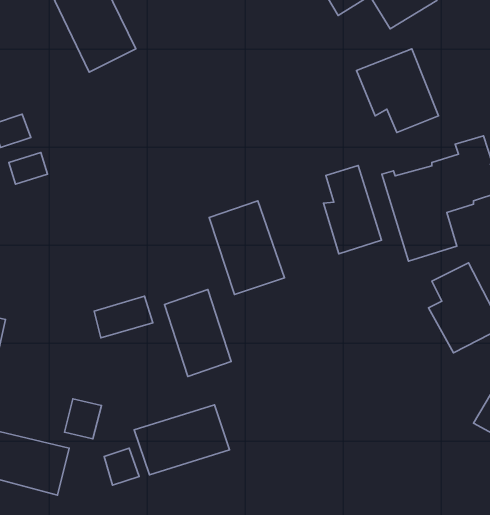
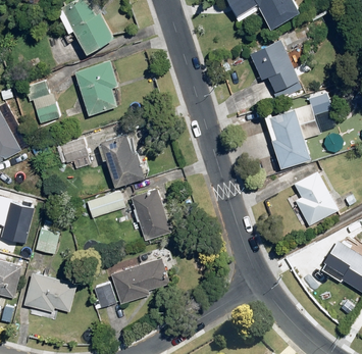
building: none -> [73,59,118,114]
building: [323,165,382,254] -> none
building: [209,201,284,295] -> [99,130,145,187]
building: none -> [59,137,90,165]
building: [65,399,101,439] -> [37,226,59,251]

